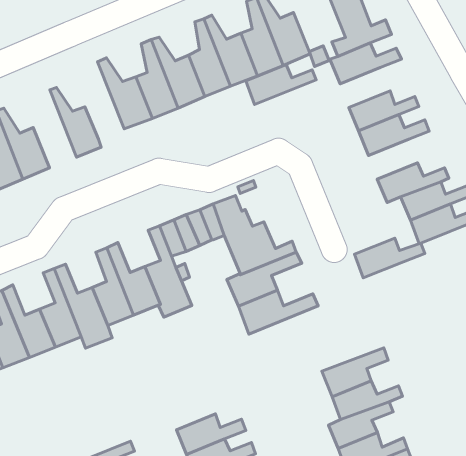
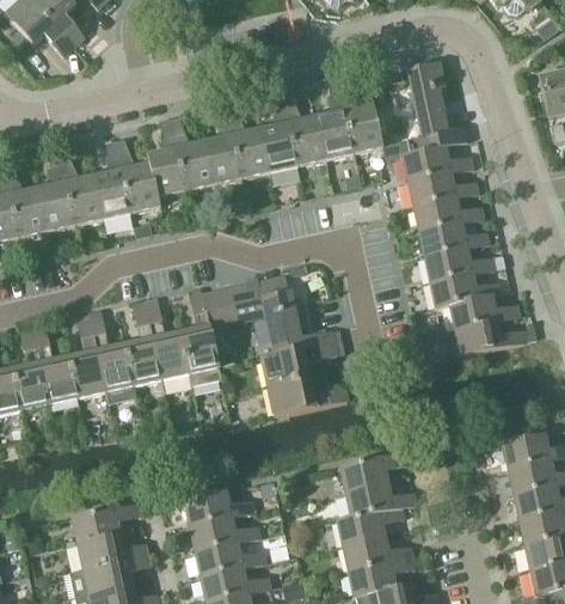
building: none -> [146,120,184,197]
building: [246,64,316,104] -> [407,172,478,207]
building: none -> [93,140,131,218]
building: [355,238,425,278] -> [424,249,495,283]

